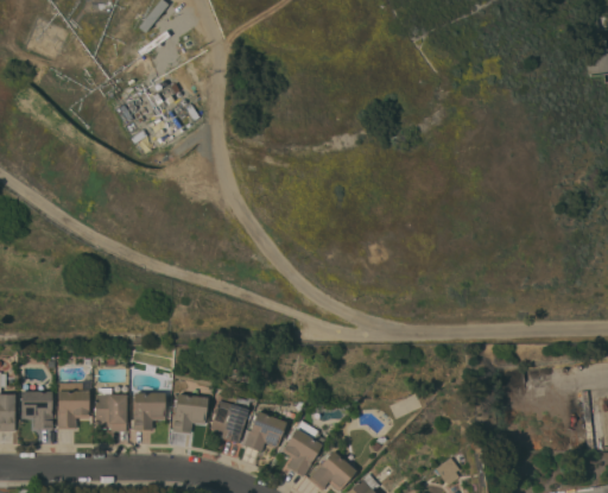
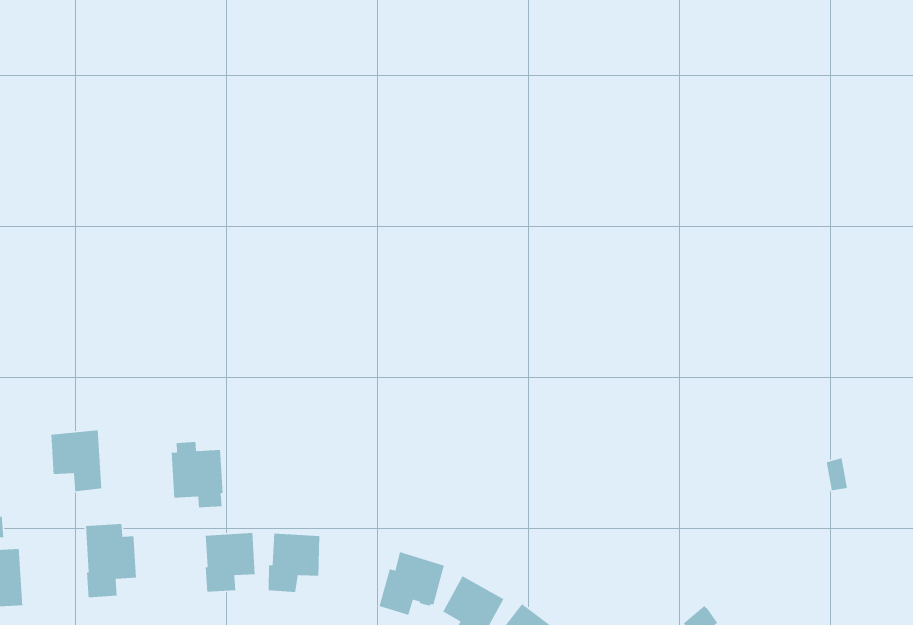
building: [95,388,127,431] -> [171,441,223,508]
building: [21,391,52,430] -> [50,429,102,492]
building: [210,398,249,444] -> none

